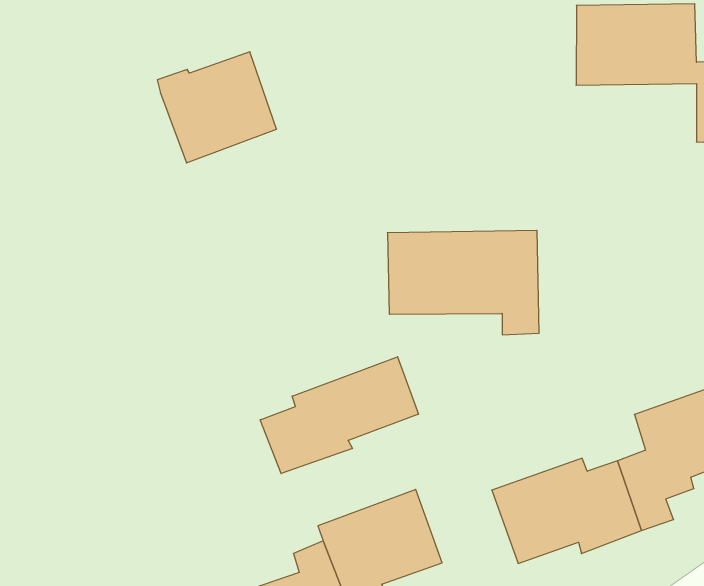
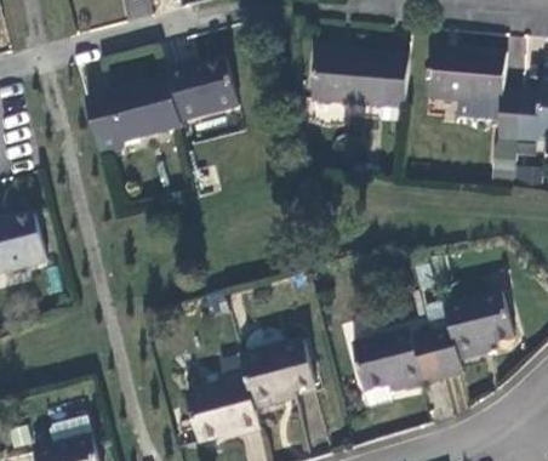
building: none -> [86,76,179,153]
building: [387,230,539,335] -> [312,49,409,120]
building: [260,357,418,474] -> none

